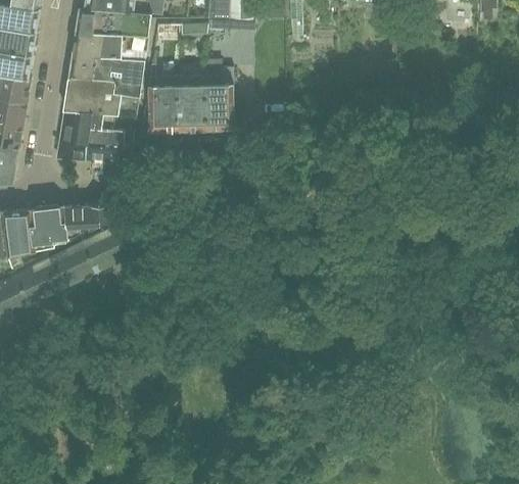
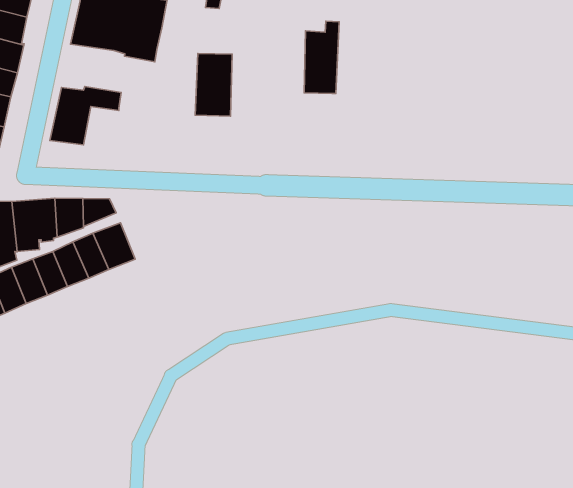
building: [204,66,233,128] -> [304,21,339,94]
building: [63,76,140,114] -> none
building: [148,77,177,130] -> none
building: [85,127,133,163] -> none

